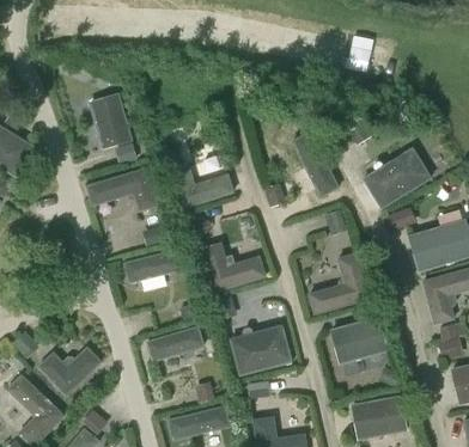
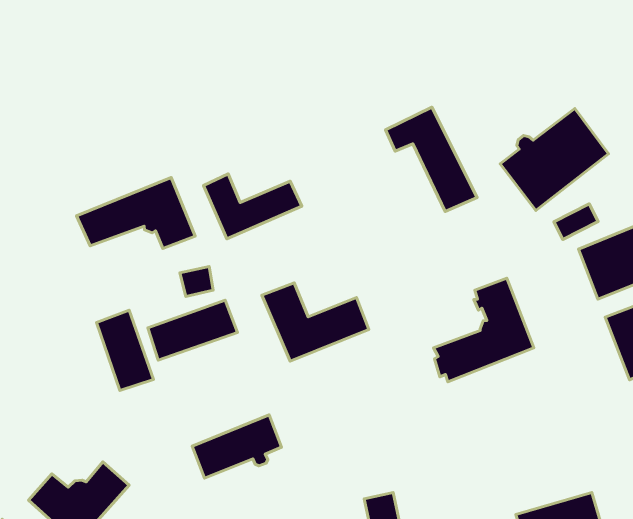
building: [89,92,147,164] -> none
building: none -> [96,310,153,390]
building: [330,316,389,363] -> none
building: [230,324,292,375] -> none

